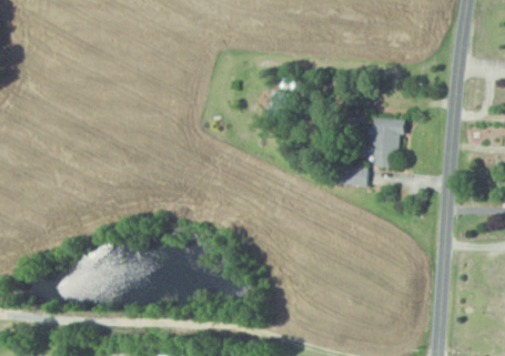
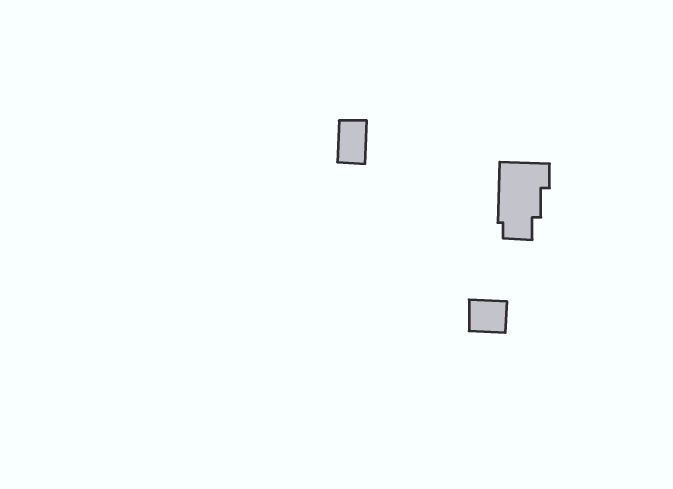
building: [342,165,366,186] -> [469,300,507,333]

